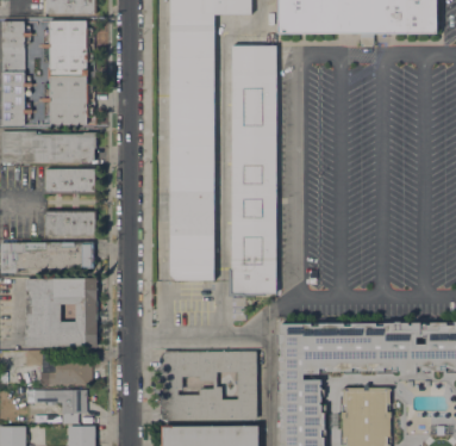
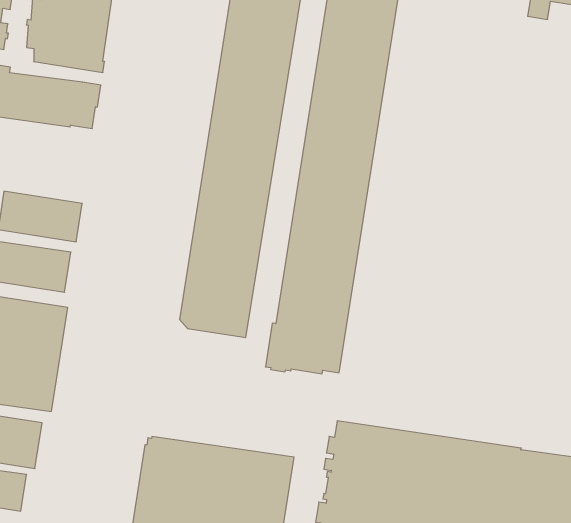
building: [45,168,95,193] -> none

